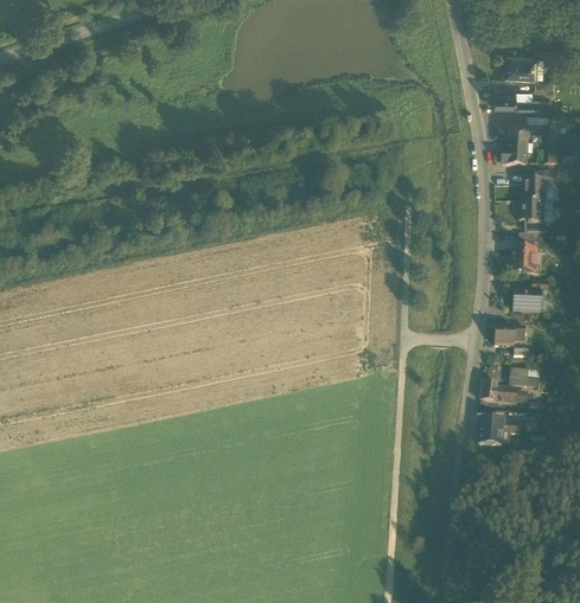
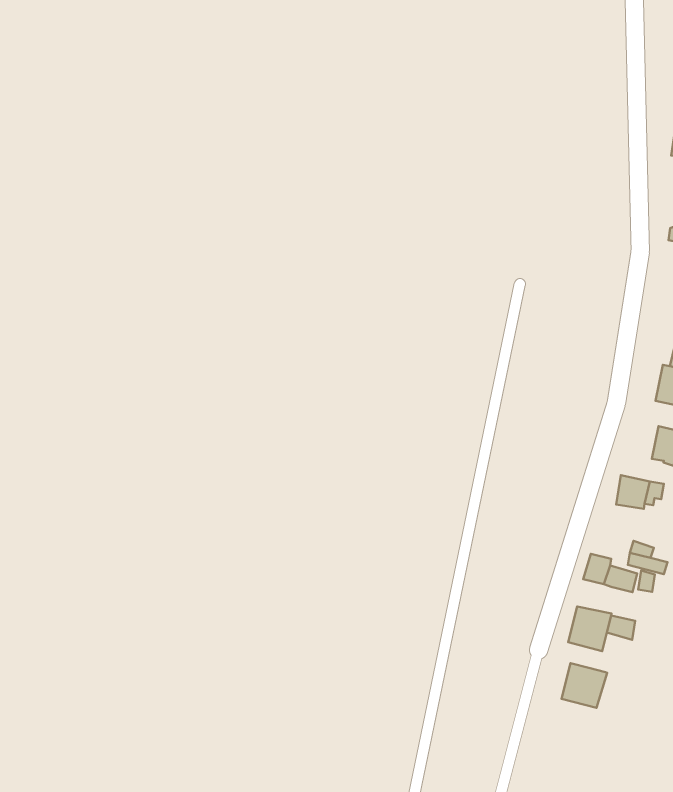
building: none -> [561,663,607,708]

